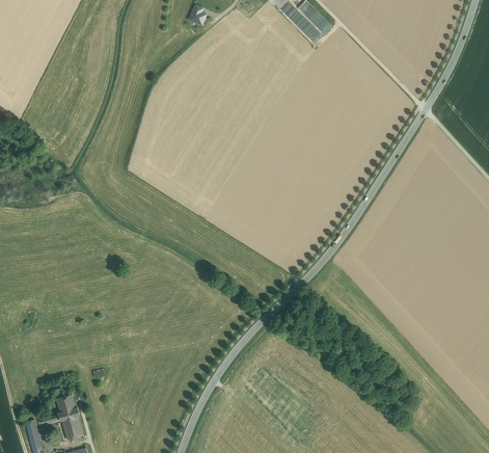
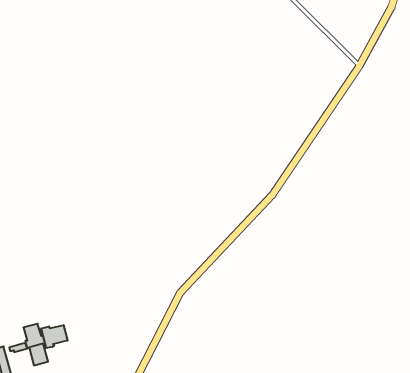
building: none -> [41,325,68,348]

